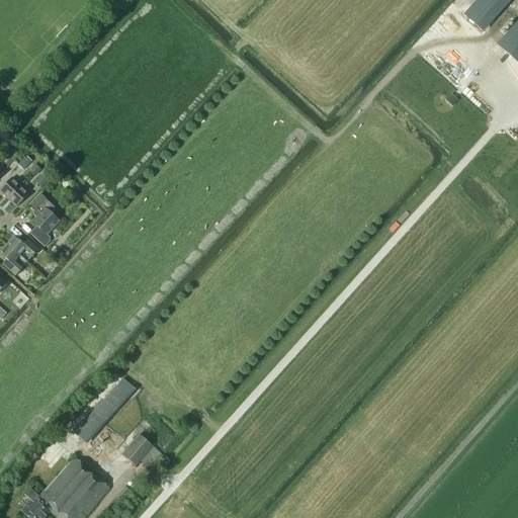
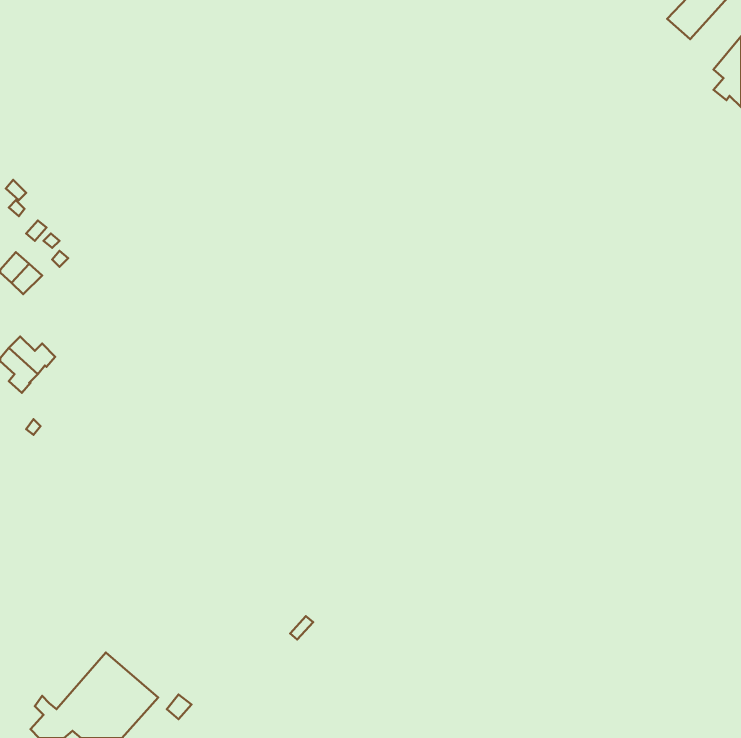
building: [29,193,60,245] -> none
building: [75,376,136,441] -> none
building: [122,433,163,468] -> none

